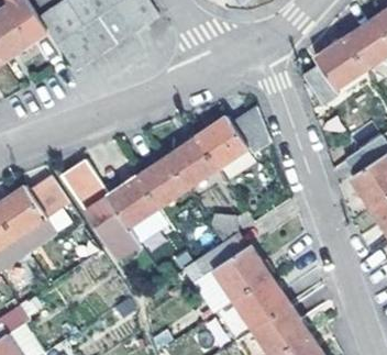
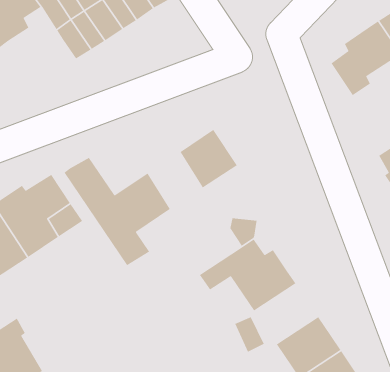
building: [197,108,269,167] -> none
building: [137,155,187,207] -> none
building: [233,274,291,329] -> none

